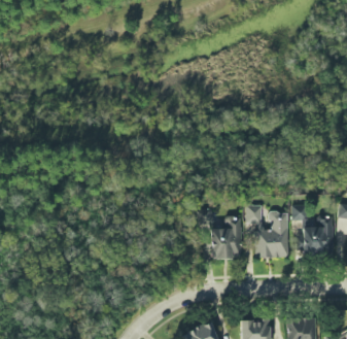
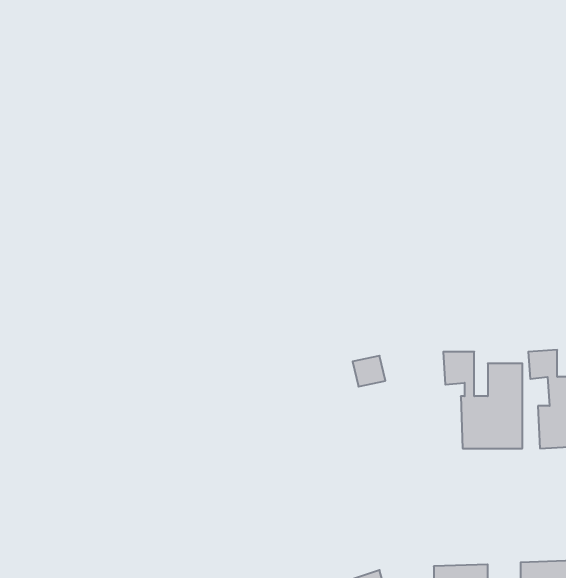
building: [208,216,241,259] -> none

